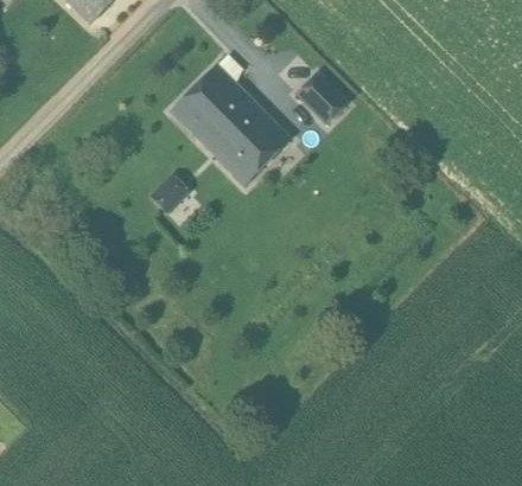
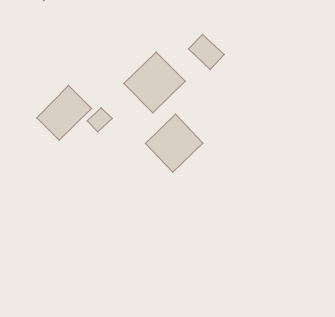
building: [171,63,249,141] -> [37,85,92,140]
building: none -> [146,114,203,172]

